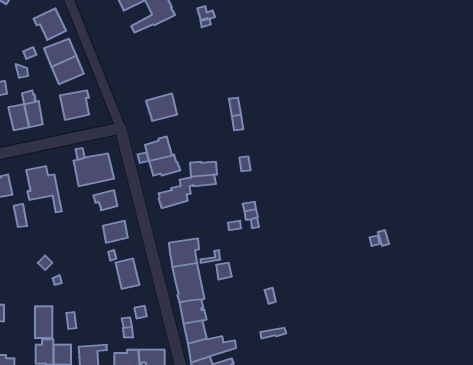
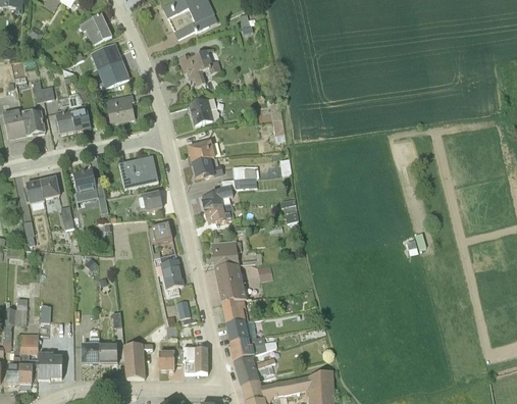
building: none -> [178,49,221,87]
building: none -> [204,202,234,221]
building: [35,306,52,338] -> none

